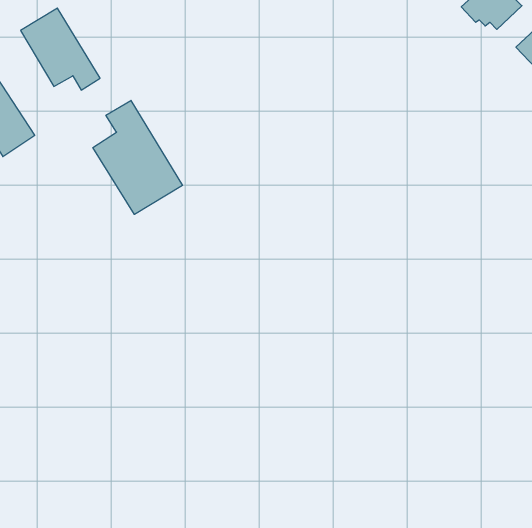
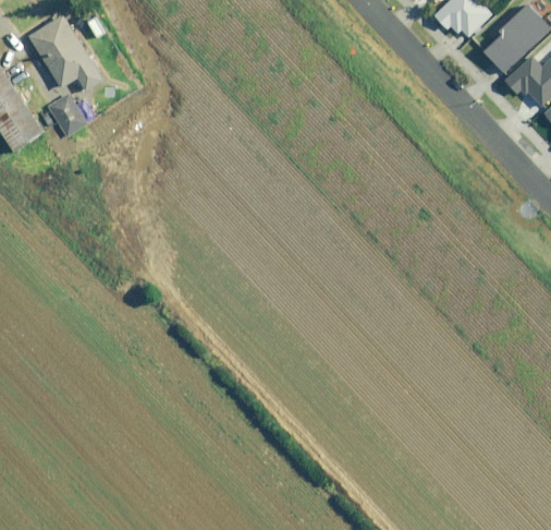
building: none -> [47,94,85,136]
building: [93,100,182,214] -> none

